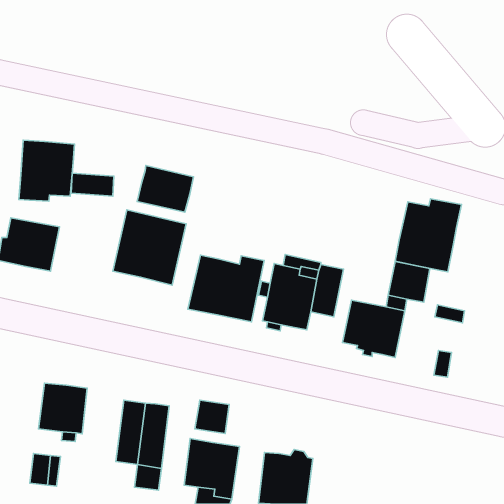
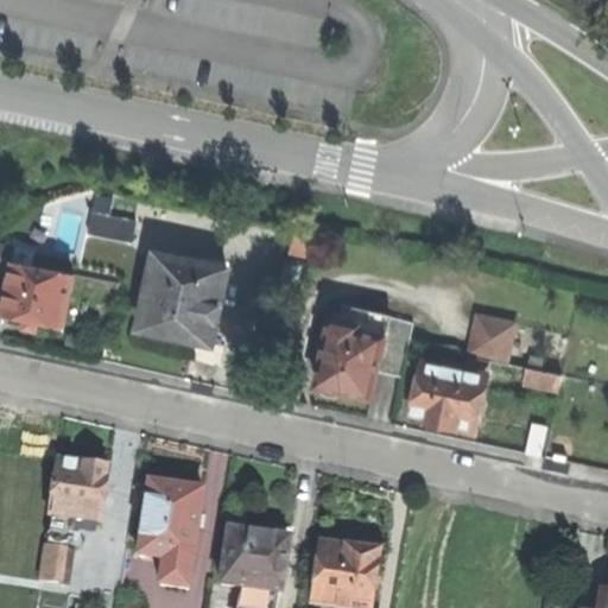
building: [19,140,74,201] -> none
building: [137,166,193,212] -> none
building: [395,199,461,272] -> none
building: [188,255,264,322] -> none
building: [195,400,229,434] -> none

